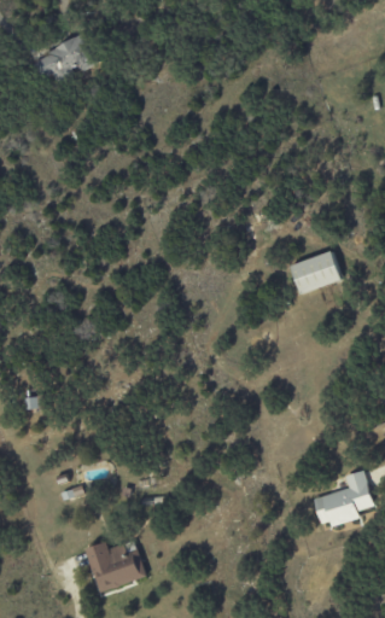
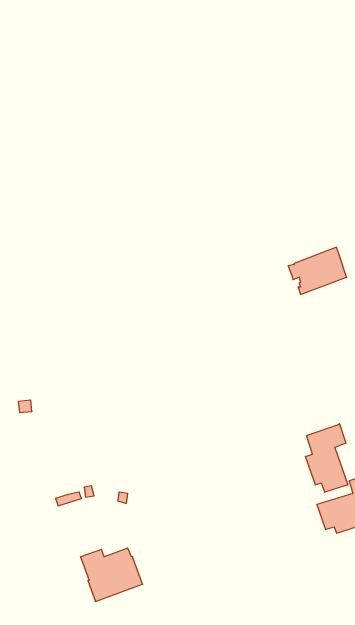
building: [27,35,93,82] -> none
building: none -> [305,424,348,492]

